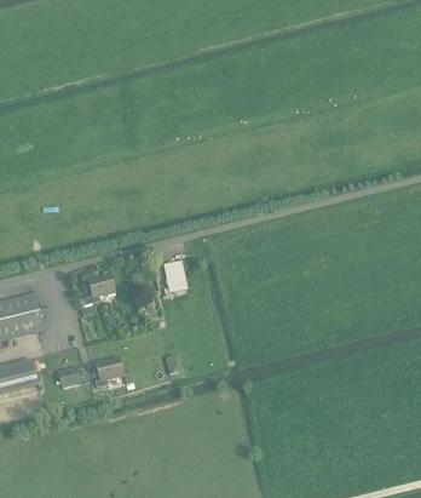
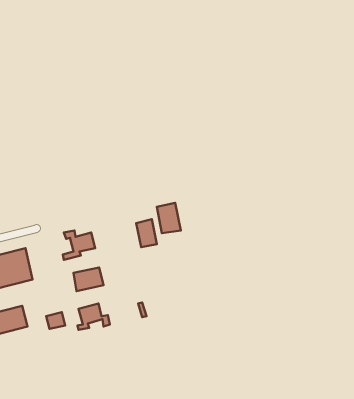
building: none -> [157,203,181,233]
building: none -> [74,267,103,291]

